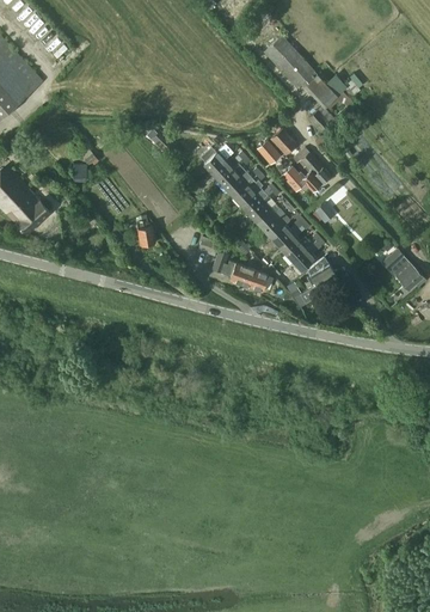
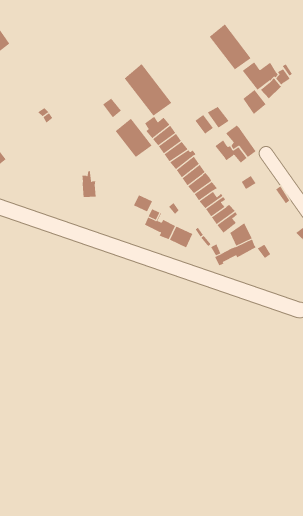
building: none -> [124,63,172,117]
building: none -> [115,118,152,158]

